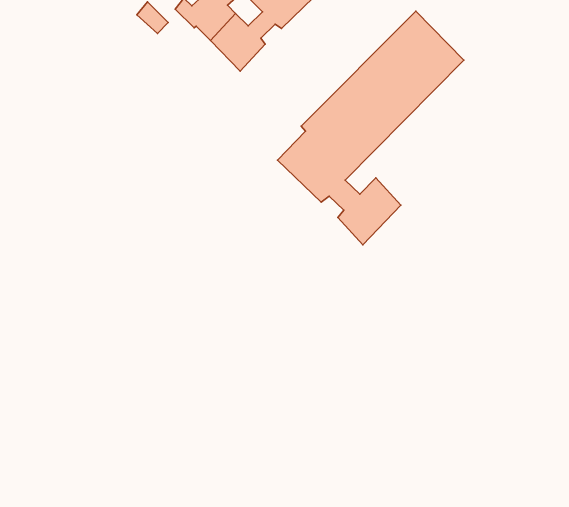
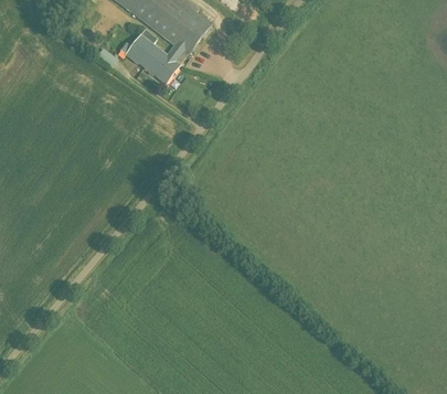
building: [277,11,464,245] -> none

